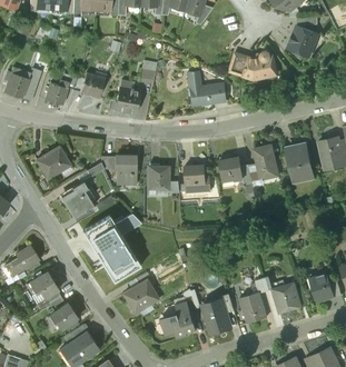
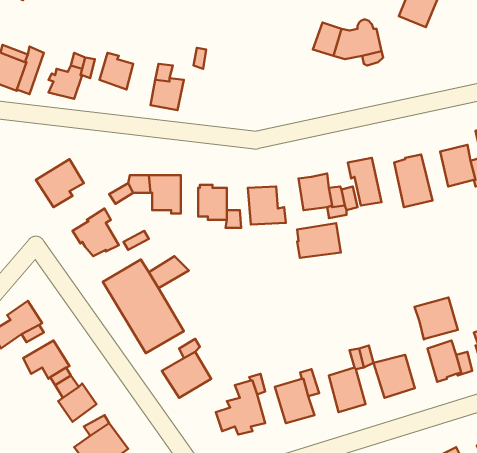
building: [187,71,226,105] -> none
building: none -> [297,223,341,258]
building: none -> [415,297,458,339]

